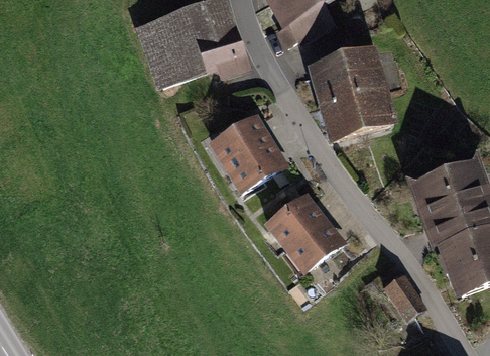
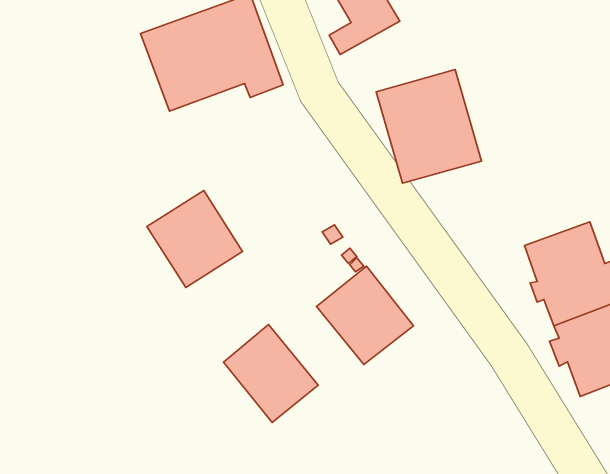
building: [214,118,283,189] -> [147,191,243,288]
building: none -> [224,325,318,422]
building: [384,273,424,318] -> none

